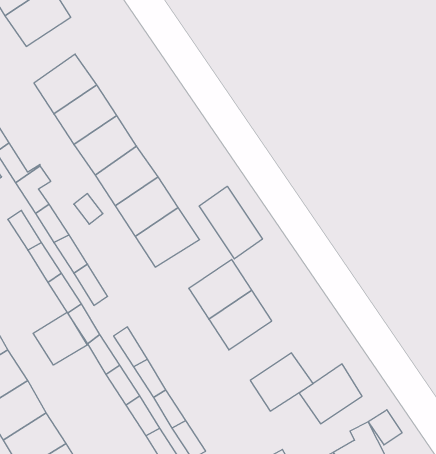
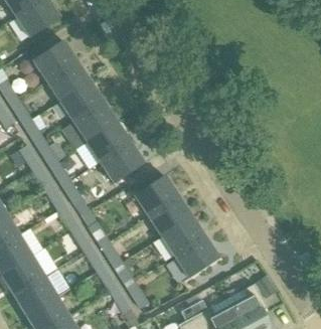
building: [199,186,262,259] -> none
building: [33,312,87,365] -> none
building: [299,364,362,424] -> [163,216,204,256]

